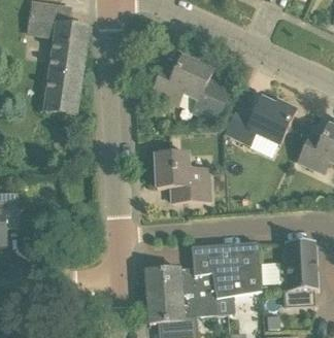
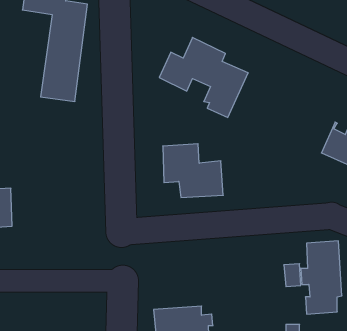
building: [225,97,295,143] -> none
building: [144,242,261,315] -> none

